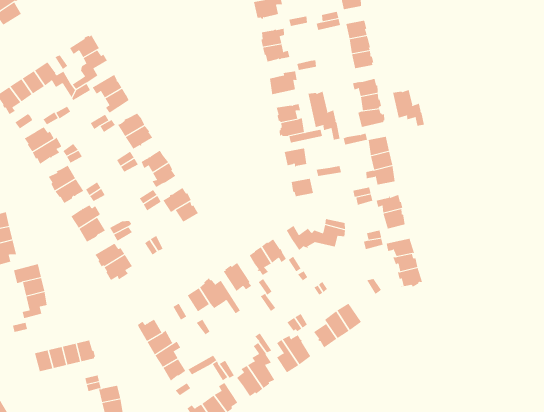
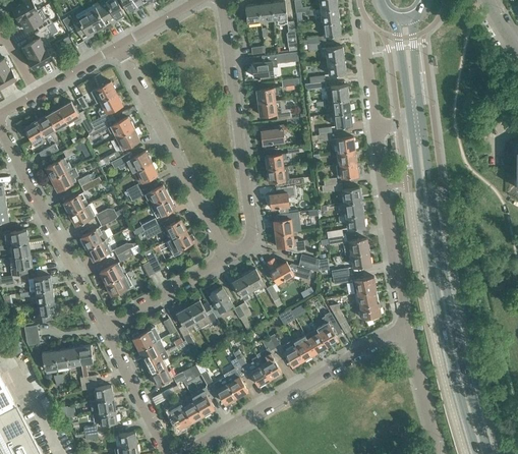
building: [393,89,424,127] -> none
building: [308,91,340,140] -> none
building: none -> [274,232,304,252]
building: none -> [315,313,340,346]

